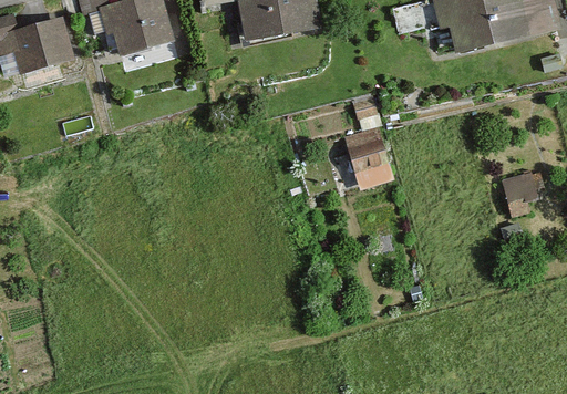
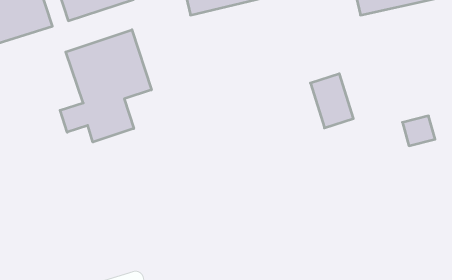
building: none -> [60,30,151,142]
building: [340,126,391,190] -> [310,74,353,128]

